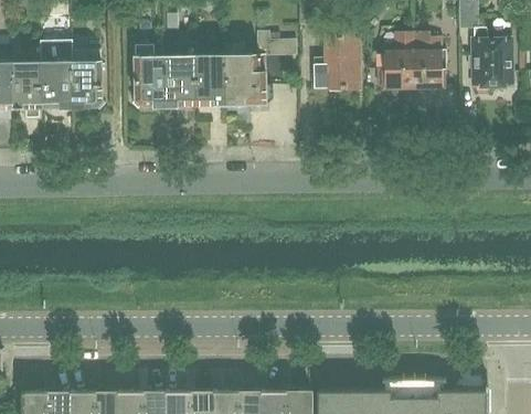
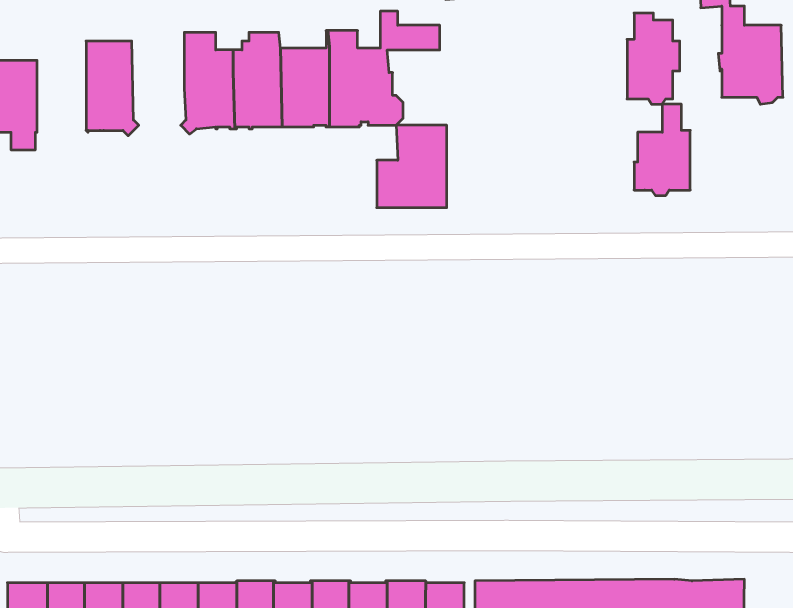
building: [378,33,413,91] -> [634,104,690,195]
building: [314,36,358,88] -> [377,125,447,208]
building: [41,51,72,108] -> none

